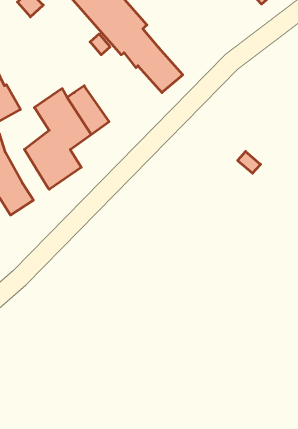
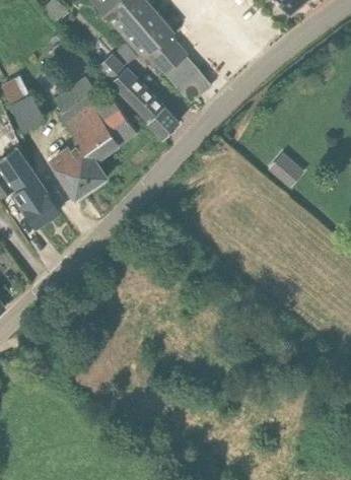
building: none -> [98,57,180,136]
building: none -> [53,77,95,113]

